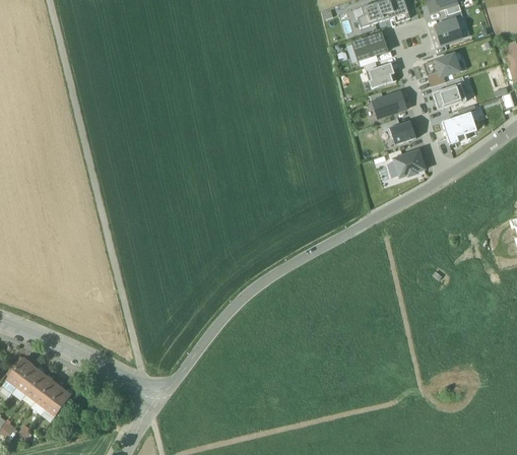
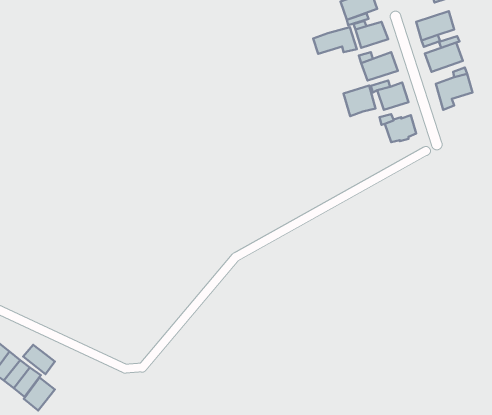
building: none -> [313,27,357,54]
building: none -> [344,86,376,116]
building: none -> [23,345,55,374]
building: none -> [24,378,55,411]

